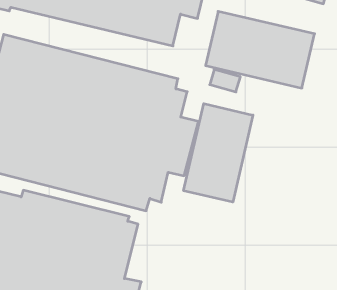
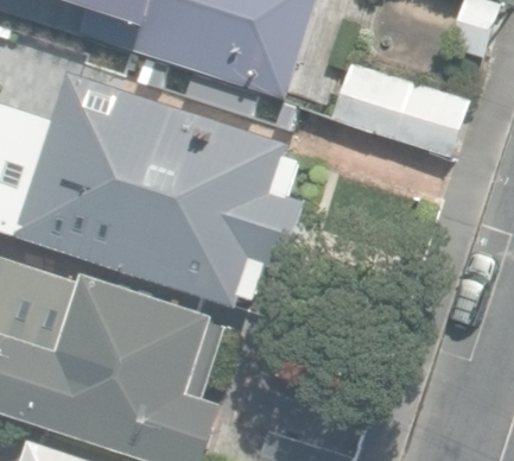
building: [184,104,253,202] -> none

